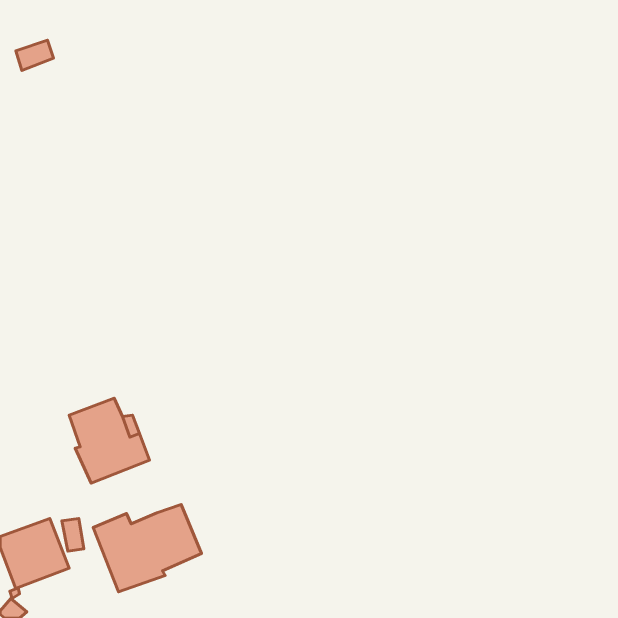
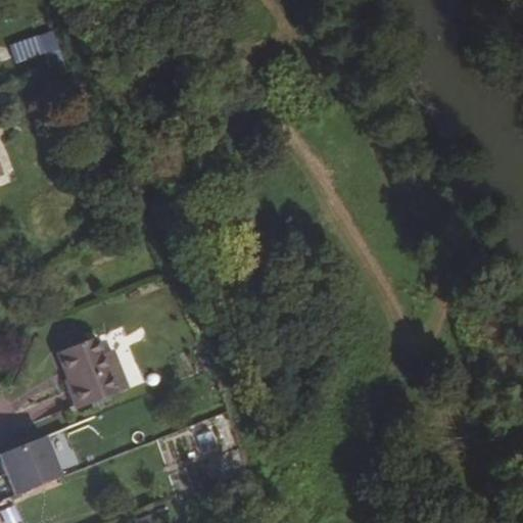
building: [93,505,202,592] -> none

